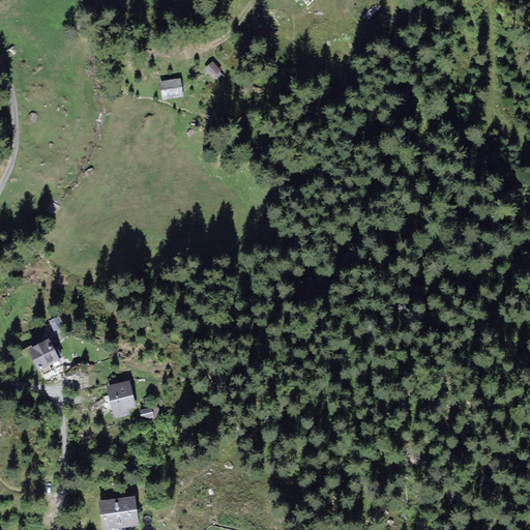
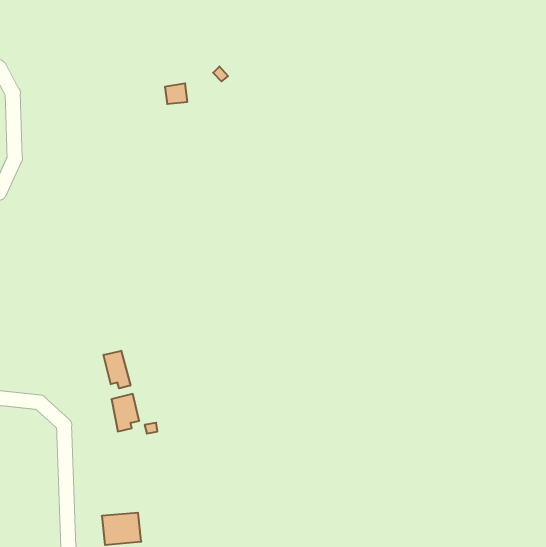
building: [29,338,58,369] -> none
building: none -> [104,351,130,388]

